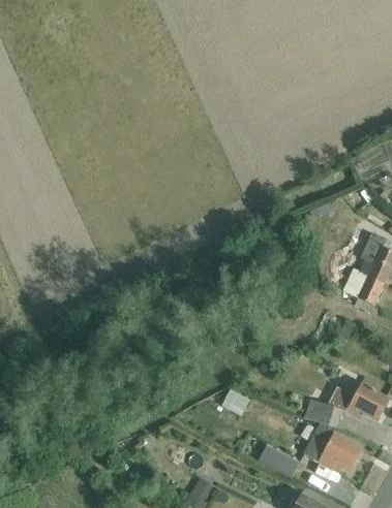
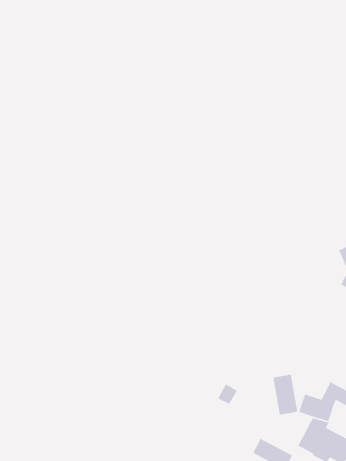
building: none -> [272,374,298,415]

